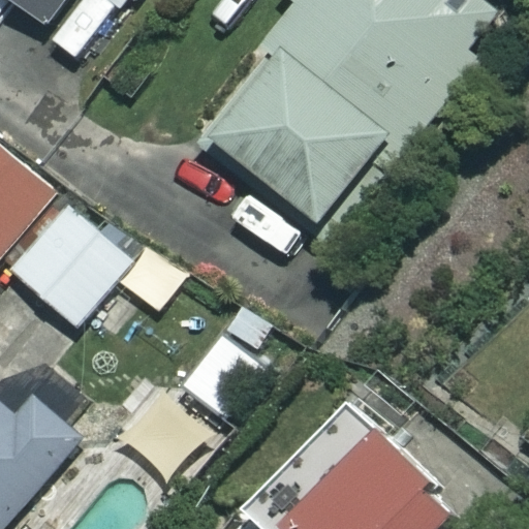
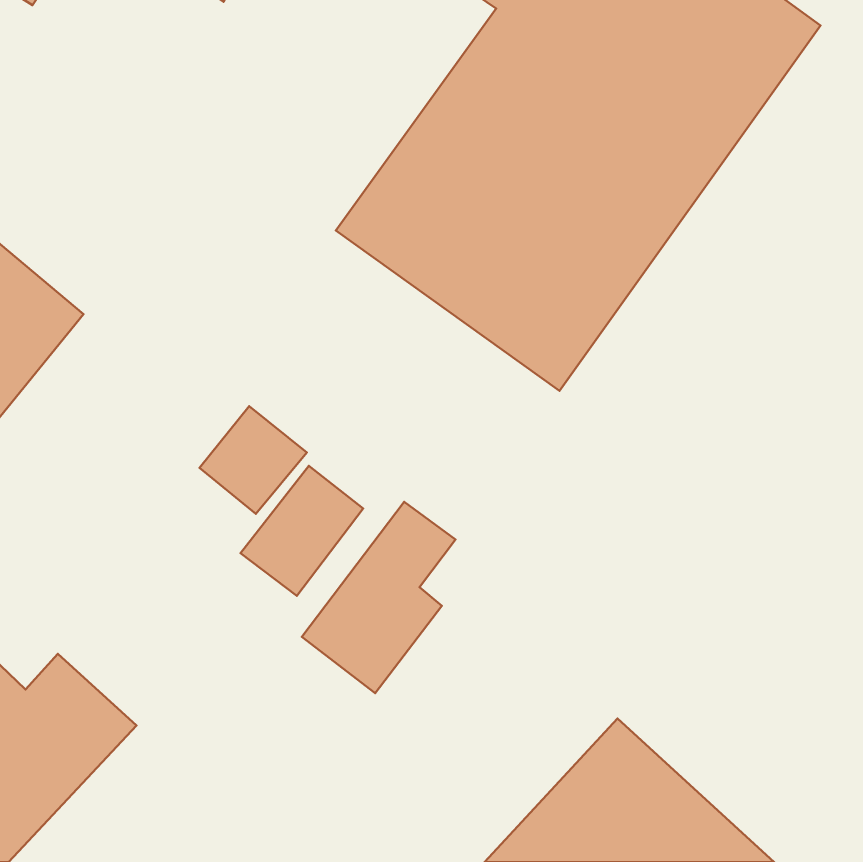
building: [12,207,131,325] -> none

